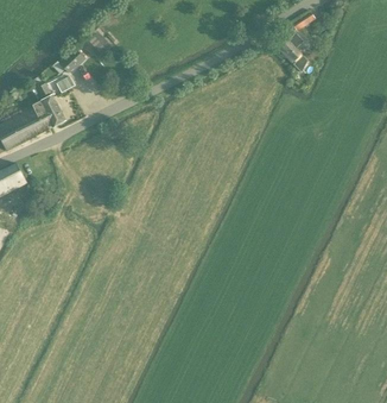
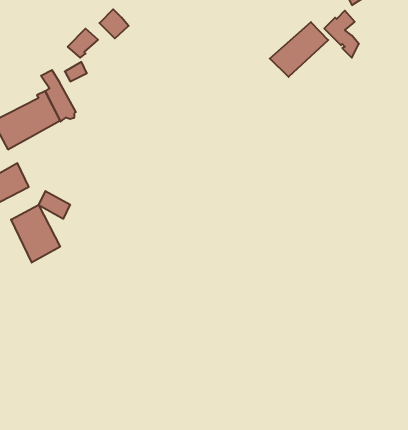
building: none -> [270,22,328,77]
building: none -> [11,205,60,263]

